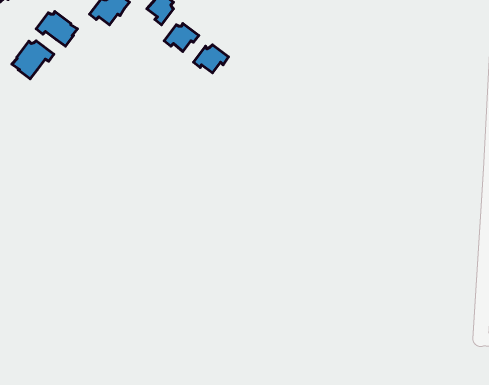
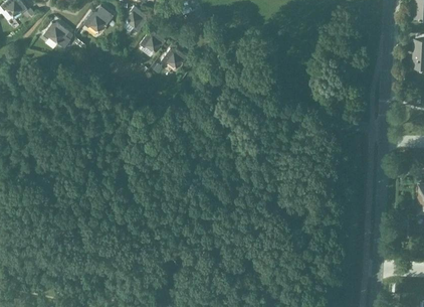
building: [12,41,54,79] -> none

